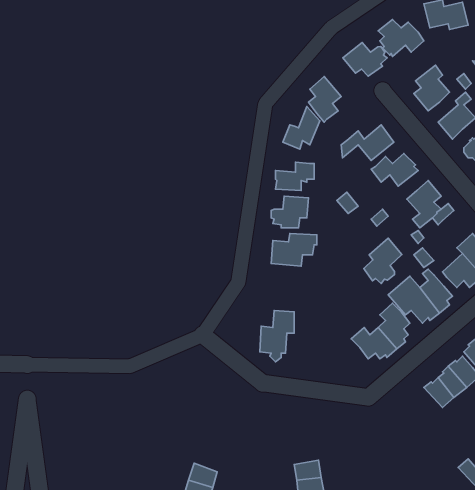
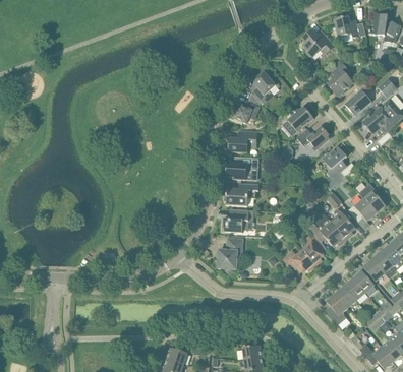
building: [343,42,387,76] -> none
building: [364,238,402,284] -> none
building: none -> [221,209,248,232]
building: none -> [325,293,347,324]

